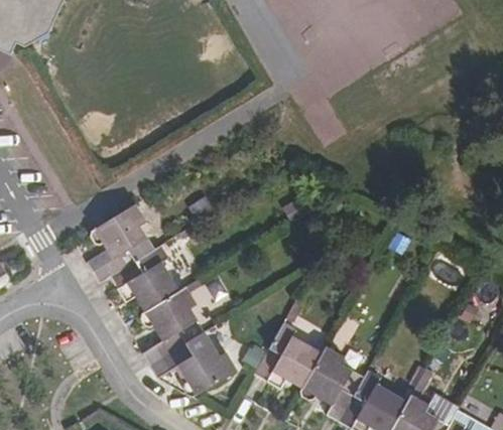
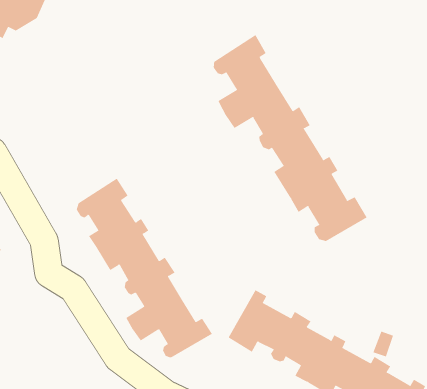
building: none -> [213,34,367,242]

